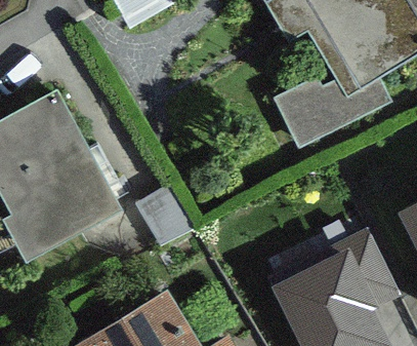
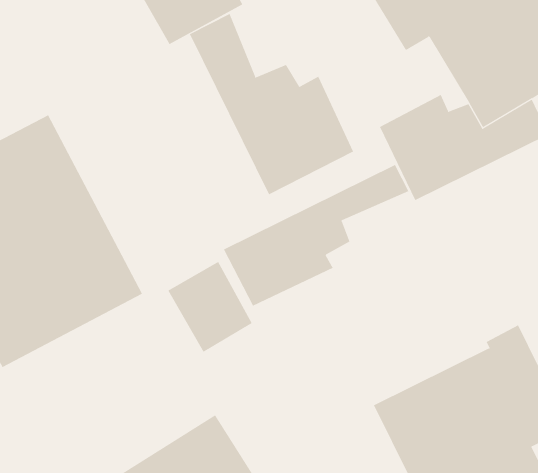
building: none -> [189,13,354,195]
building: none -> [223,164,409,306]

